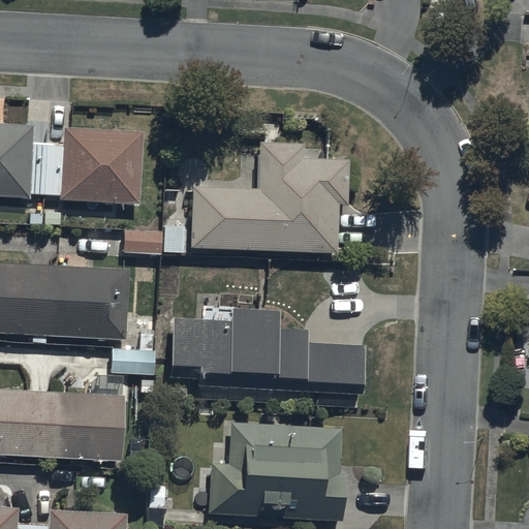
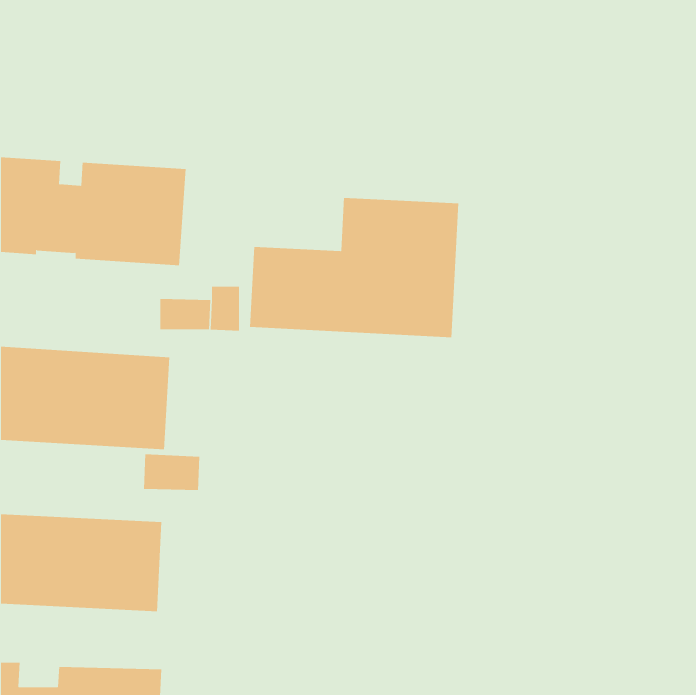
building: [155,293,366,392] -> none
building: [207,422,350,524] -> none

